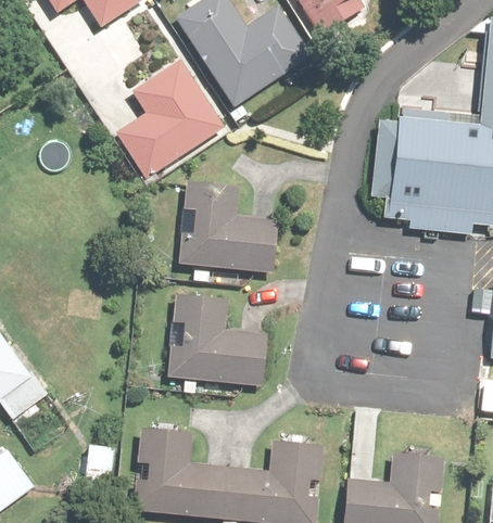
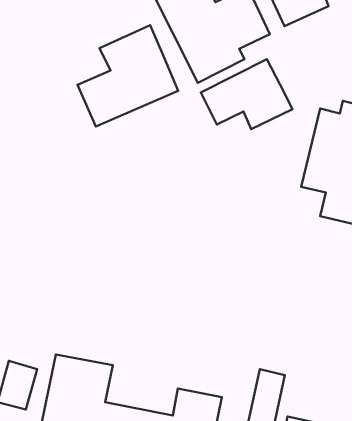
building: none -> [201,59,293,129]
building: [162,195,261,272] -> none
building: [150,305,248,393] -> none

